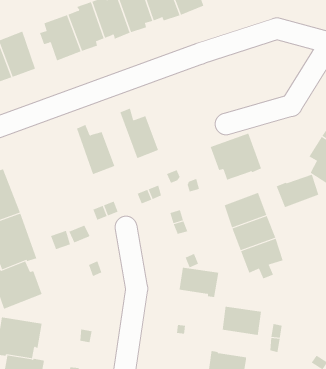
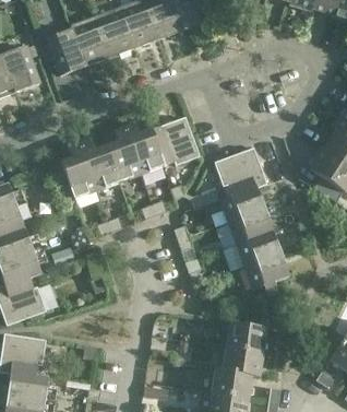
building: none -> [149,117,200,165]
building: none -> [106,127,141,181]
building: none -> [60,143,96,199]
building: [276,174,319,208] -> [219,187,263,221]
building: [179,267,219,298] -> [223,346,263,377]

